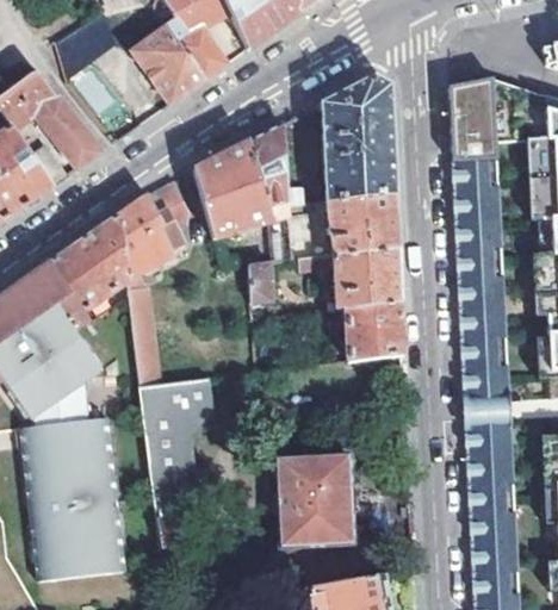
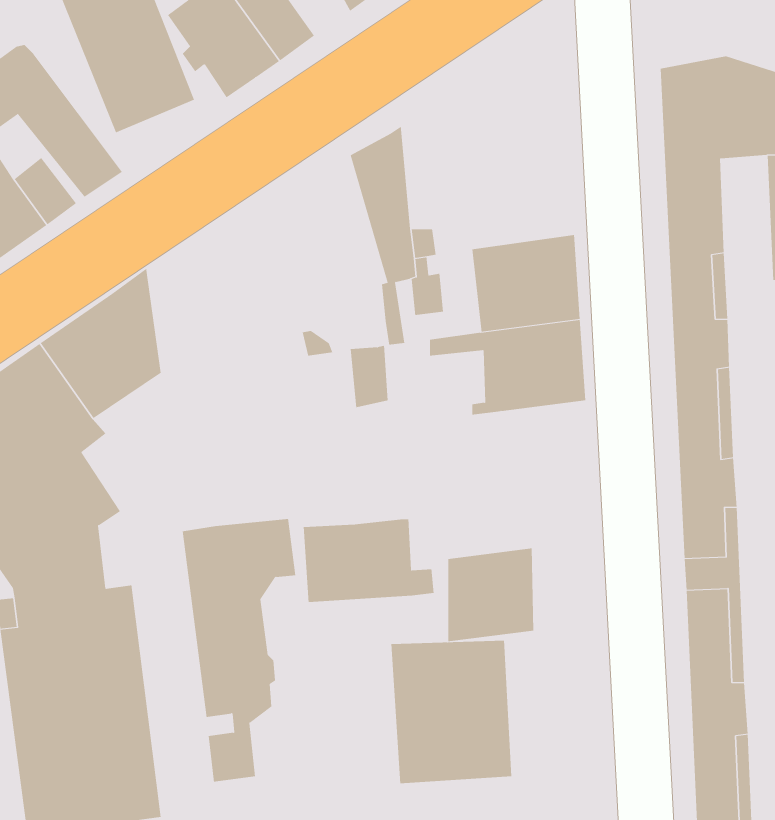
building: [321,76,395,201] -> none
building: [196,141,273,241] -> none
building: [118,182,190,384] -> none
building: [347,299,403,360] -> [448,548,534,642]
building: none -> [303,518,434,603]

